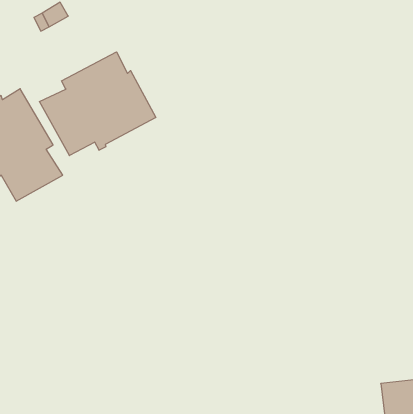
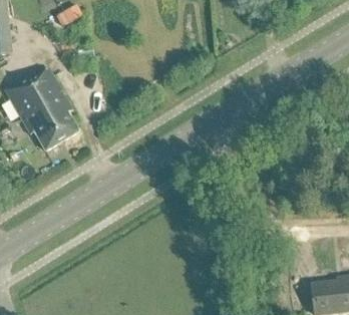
building: [39,52,156,156] -> none

